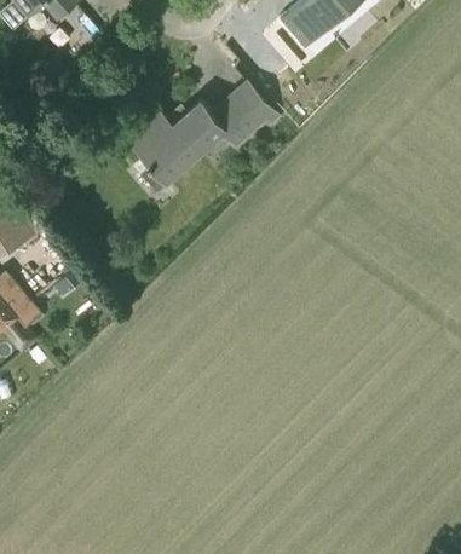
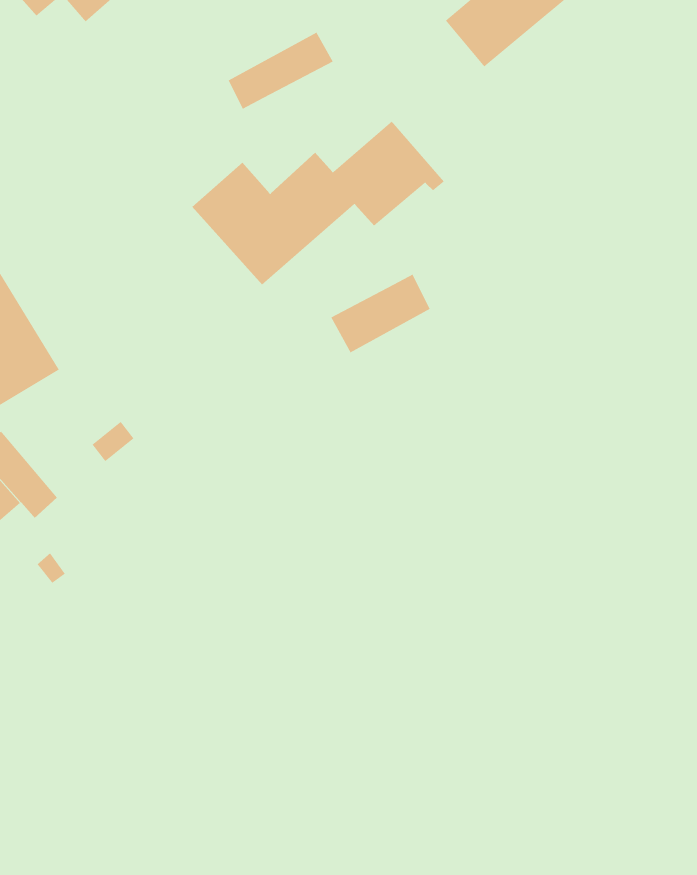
building: none -> [227,32,334,110]
building: none -> [330,274,431,354]

